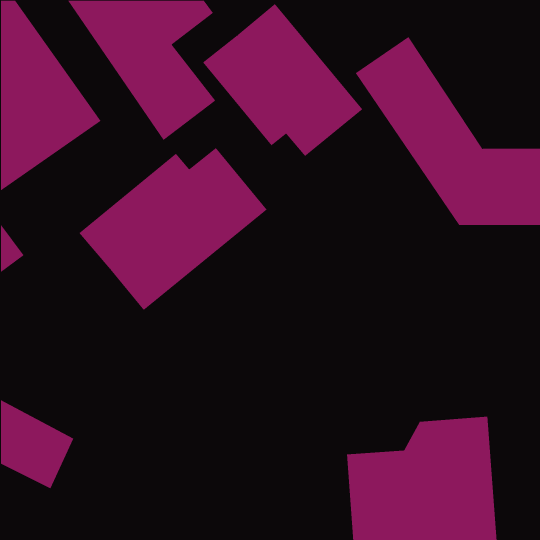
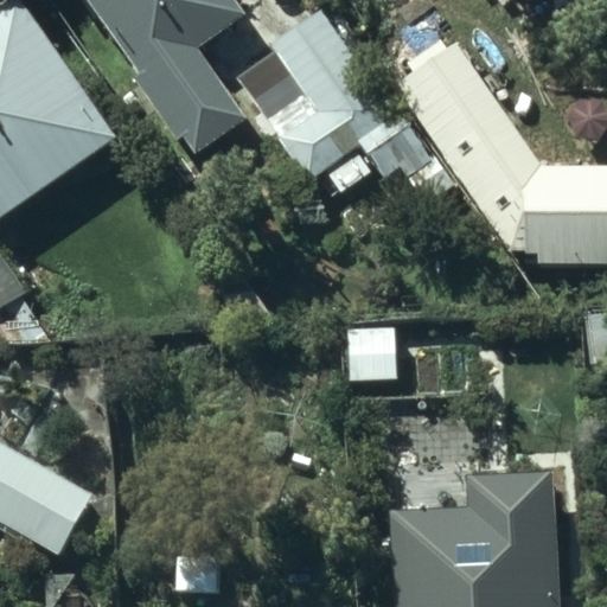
building: [79,147,268,311] -> none

